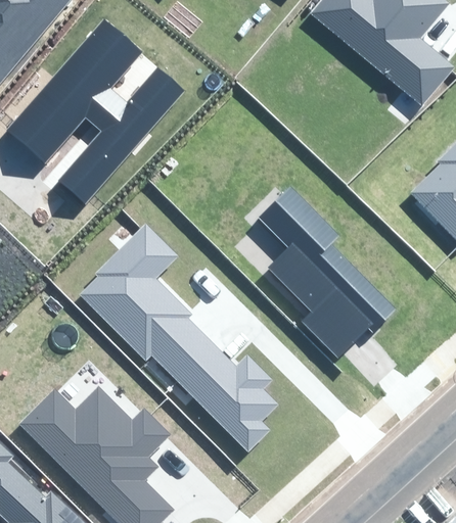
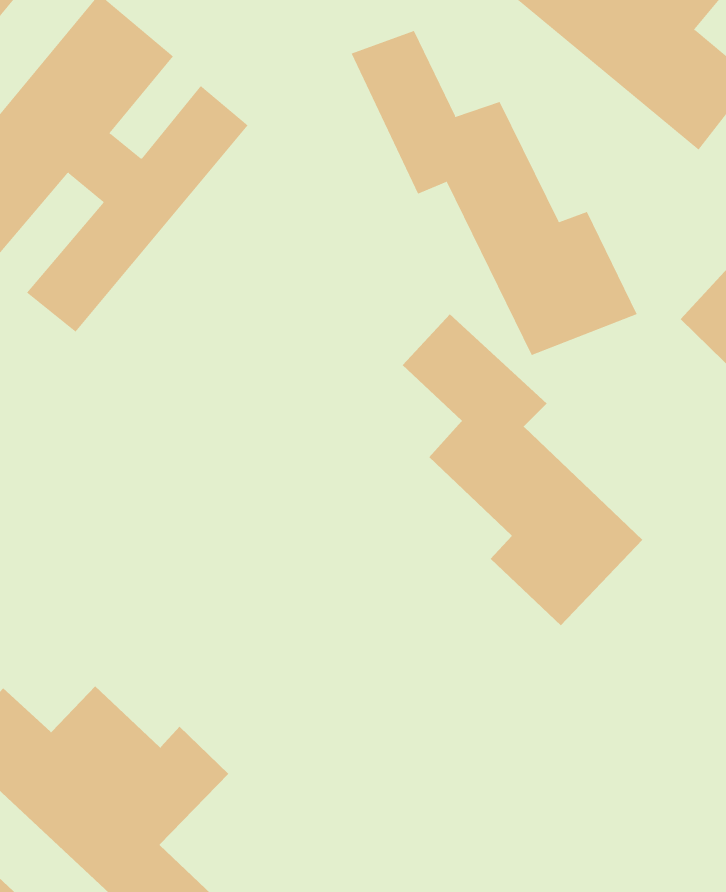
building: none -> [351,30,637,356]
building: [76,226,279,451] -> none

